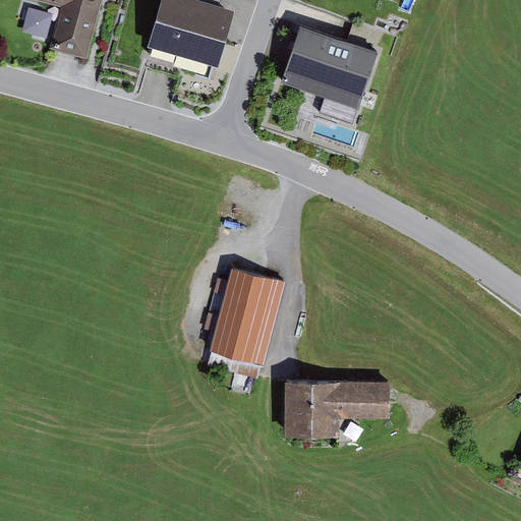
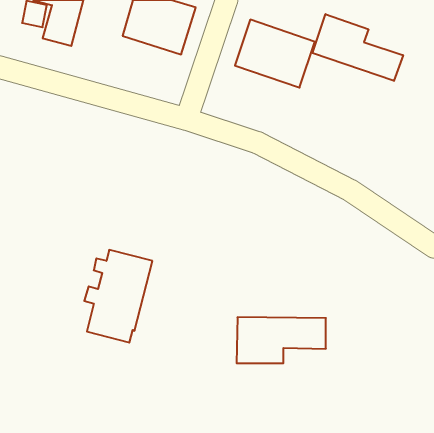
building: none -> [313,14,403,81]
building: [202,270,284,381] -> [84,250,152,343]

